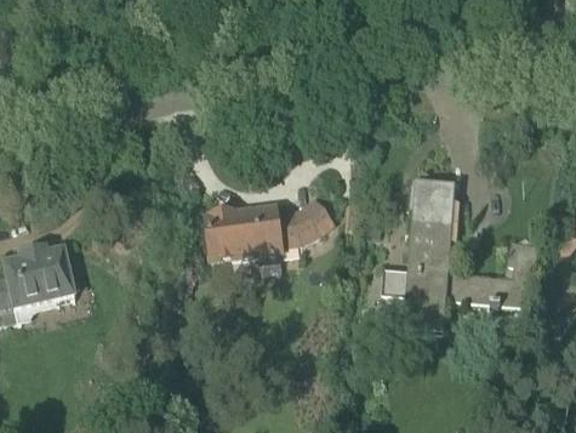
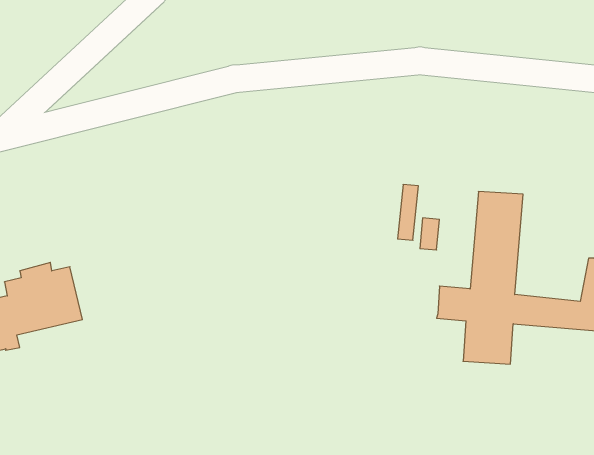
building: [206,198,331,261] -> none

